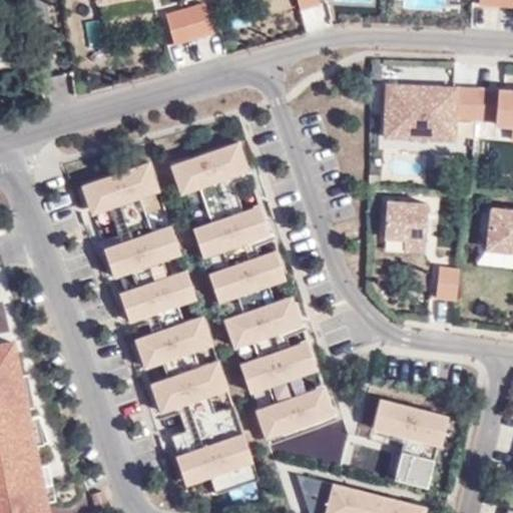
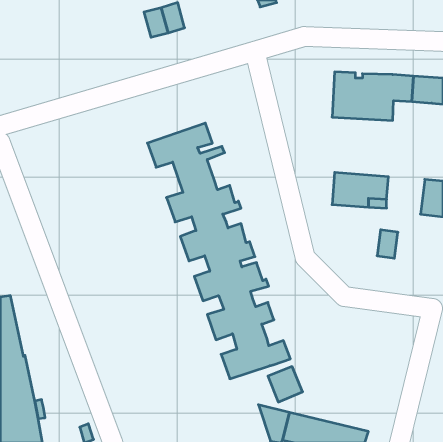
building: [81,162,258,494] -> none
building: [378,395,453,481] -> none

